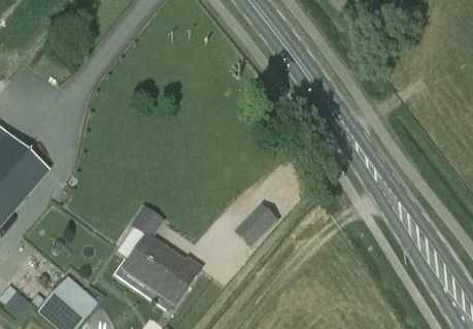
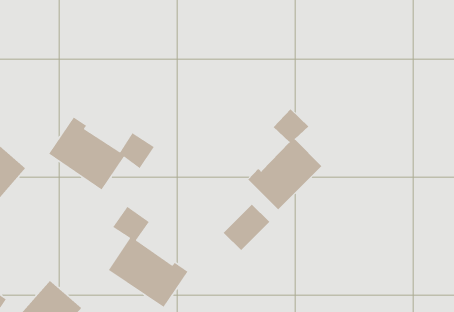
building: none -> [247,108,322,210]
building: none -> [48,116,155,190]

